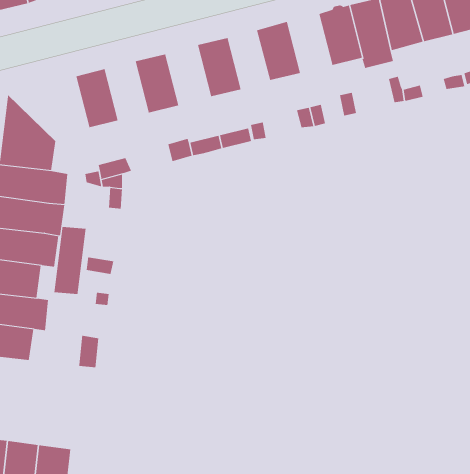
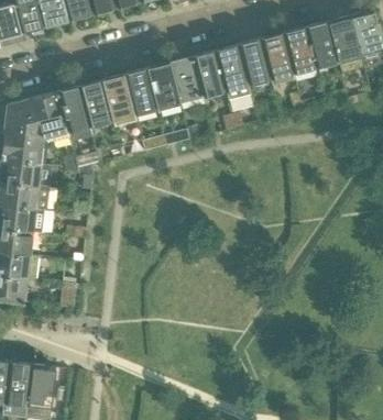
building: none -> [215,46,251,102]
building: none -> [171,58,201,102]
building: none -> [124,69,157,114]
building: none -> [79,81,111,125]
building: none -> [7,92,69,144]
building: [54,226,86,295] -> none

